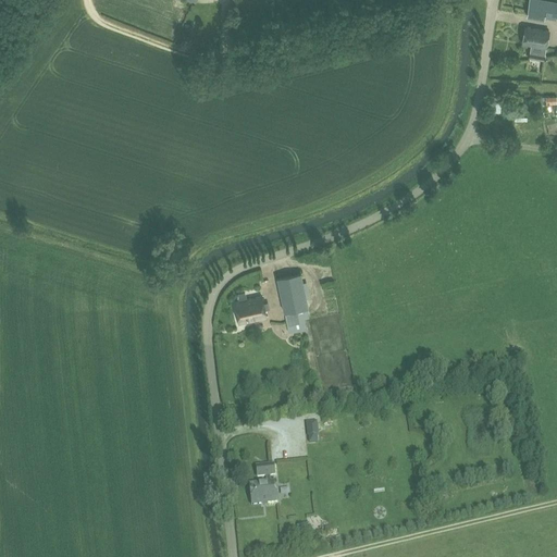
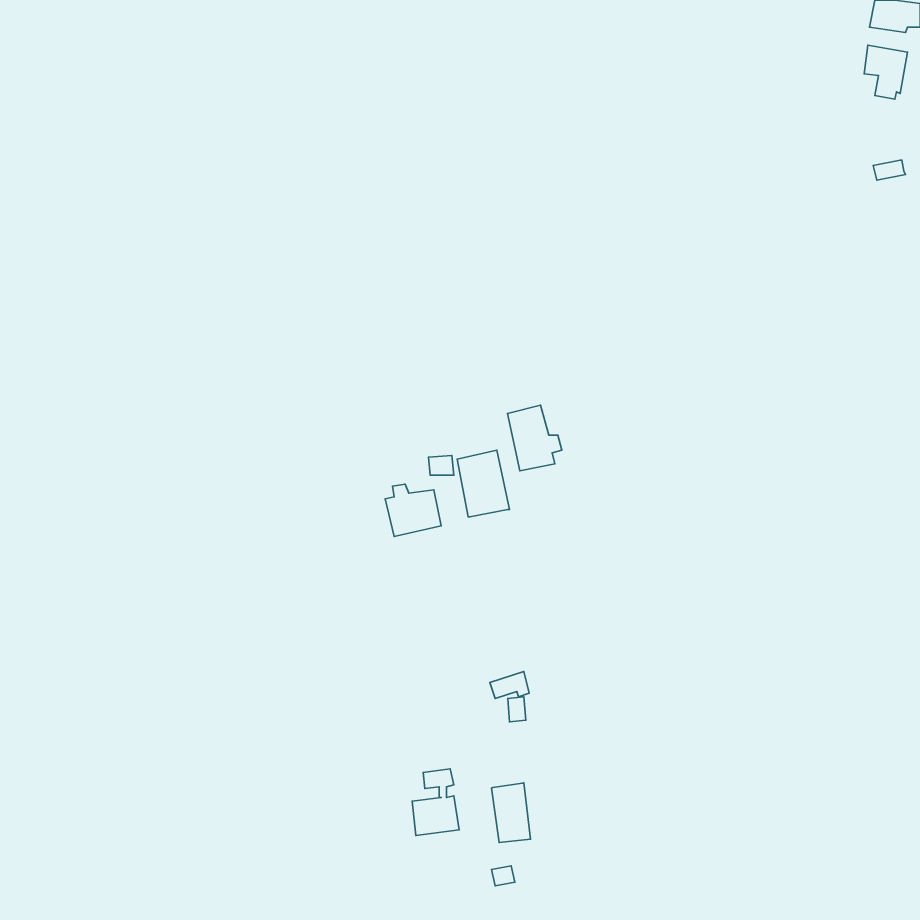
building: none -> [508,405,562,471]
building: none -> [492,783,531,843]

